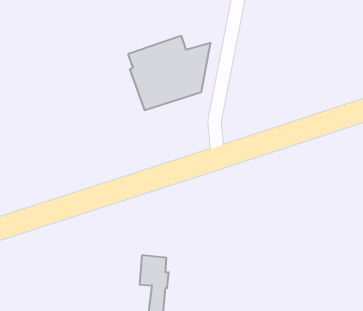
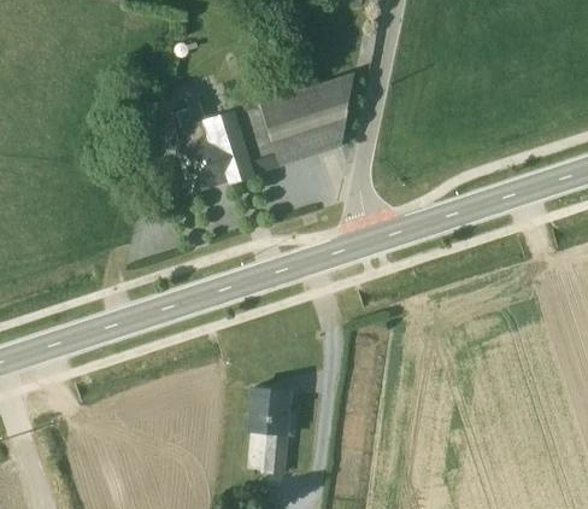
building: none -> [177,110,255,191]

